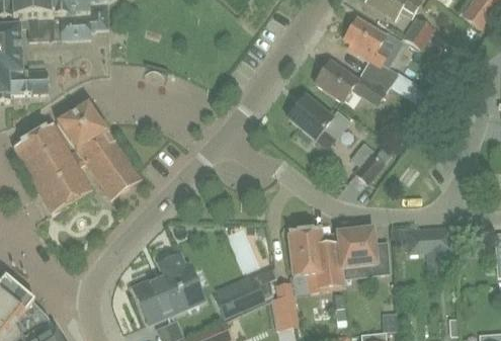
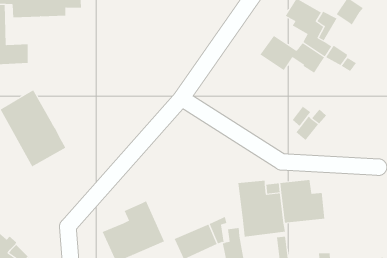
building: [287,94,350,147] -> none
building: [56,101,141,199] -> none
building: [393,226,453,268] -> none

